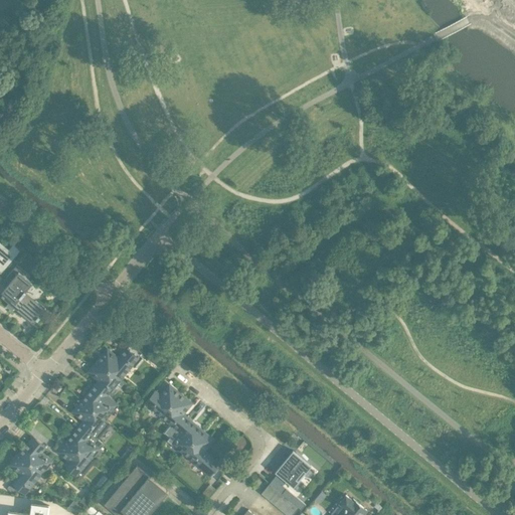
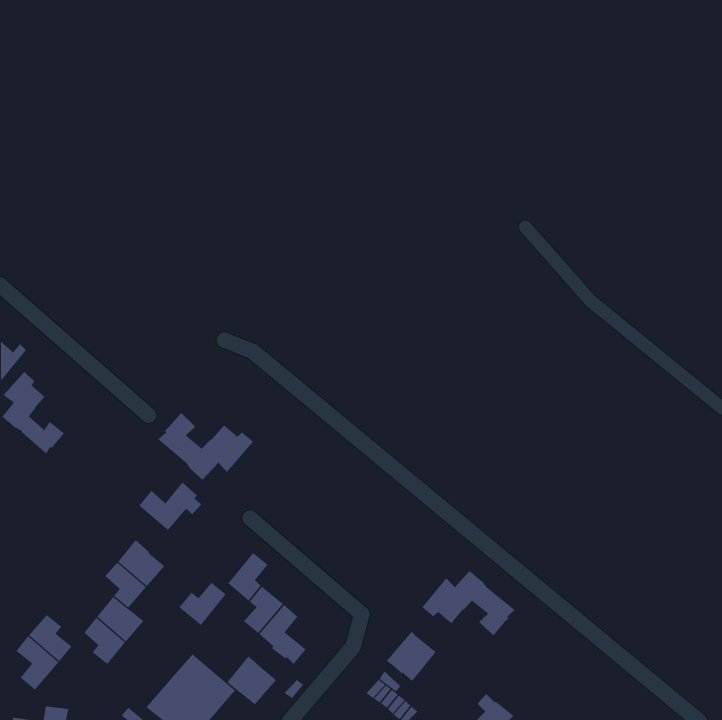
building: none -> [157,412,254,480]
building: [90,361,120,394] -> none
building: [146,385,180,416] -> [179,582,227,626]
building: none -> [421,570,516,636]
building: none -> [227,656,277,705]

